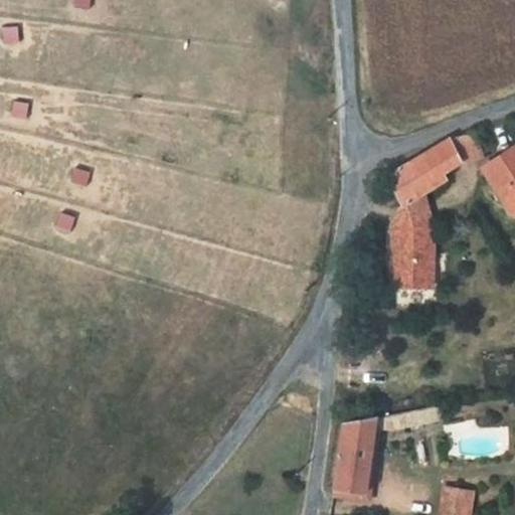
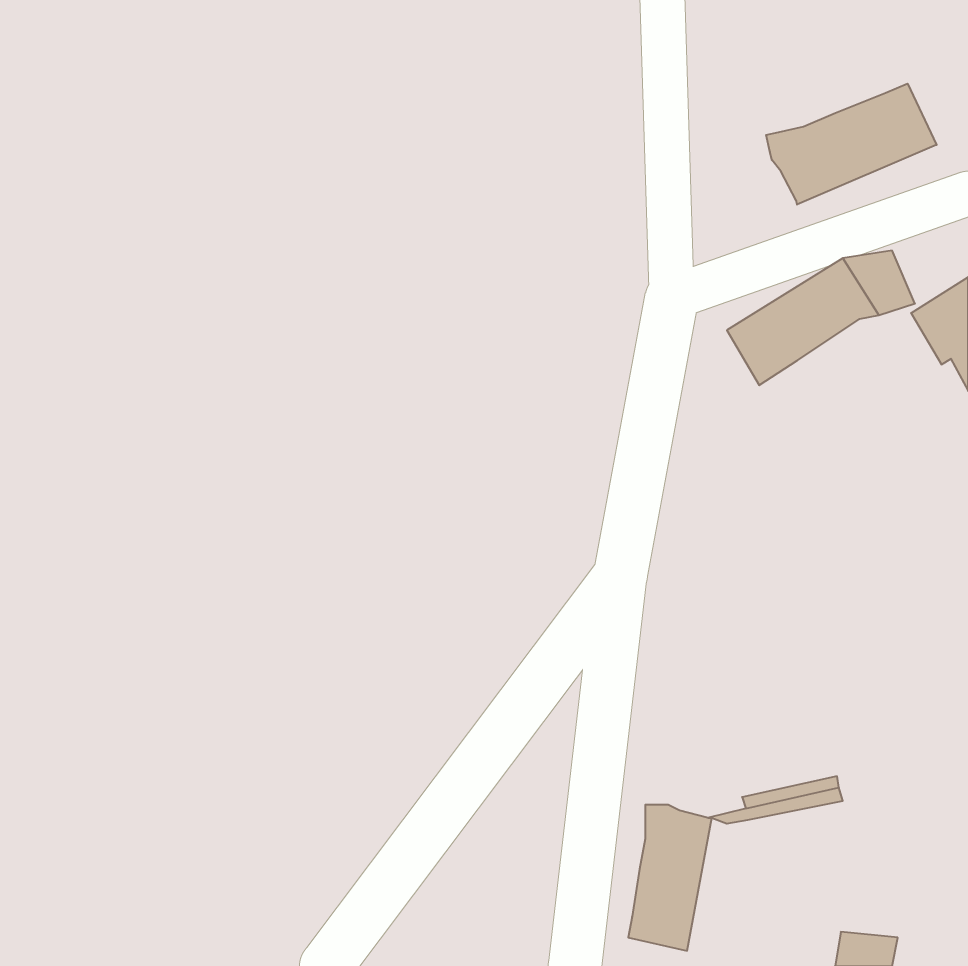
building: none -> [766,84,937,205]
building: [391,191,433,286] -> none

